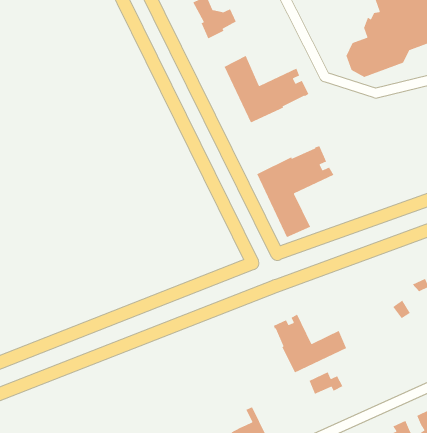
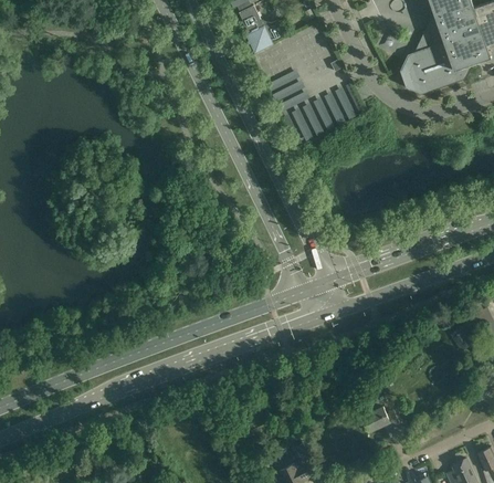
building: [256,145,334,238] -> none
building: [273,313,347,373] -> none

